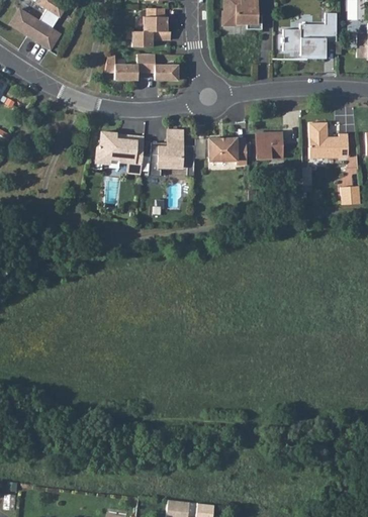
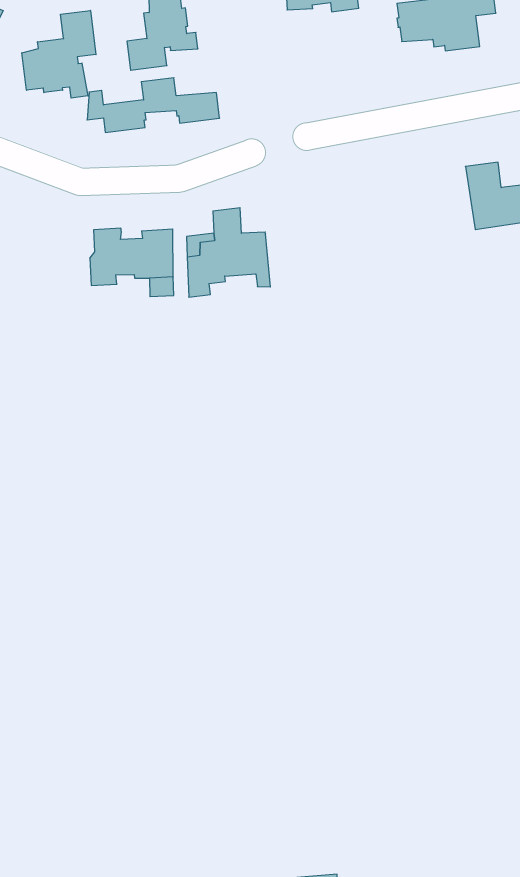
building: none -> [22,10,96,98]
building: [256,133,281,159] -> none
building: [207,138,246,165] -> none

